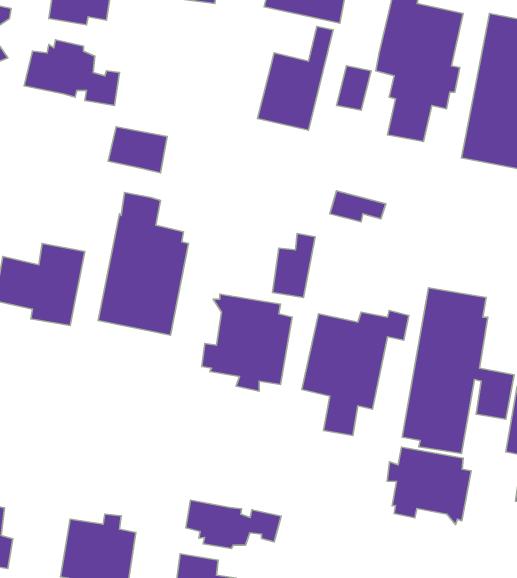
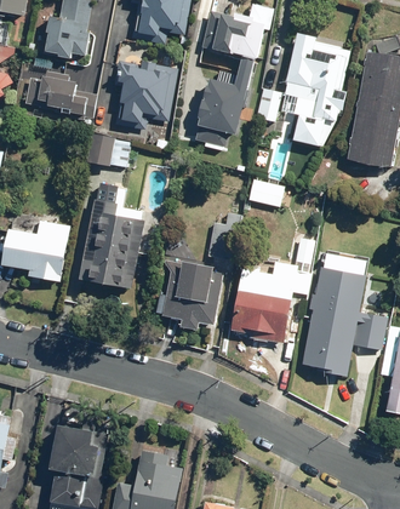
building: none -> [113,61,177,130]
building: [387,447,471,524] -> none
building: [186,500,281,549] -> none

